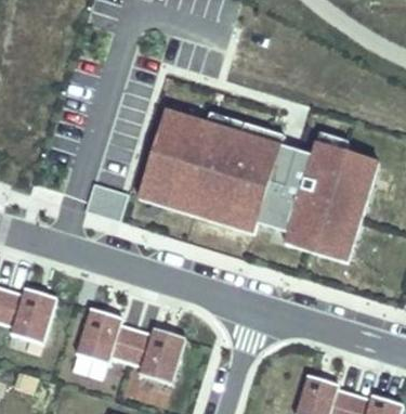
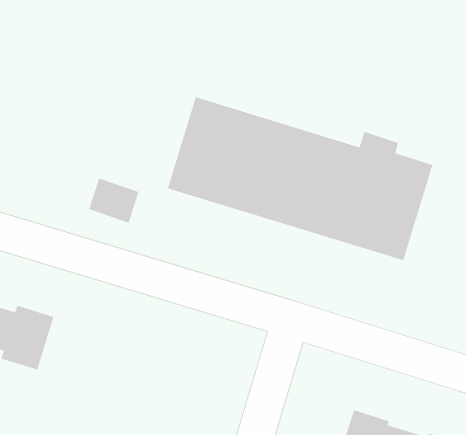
building: [76,309,184,384] -> none

